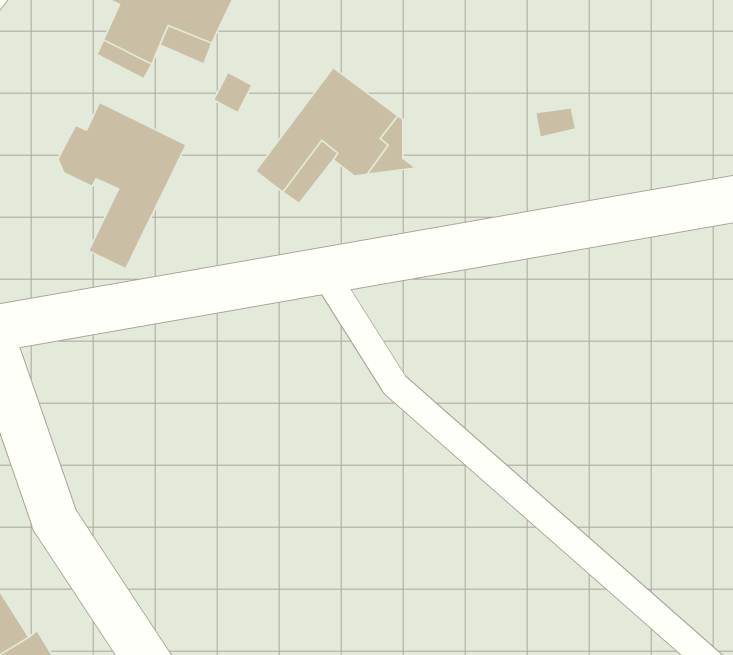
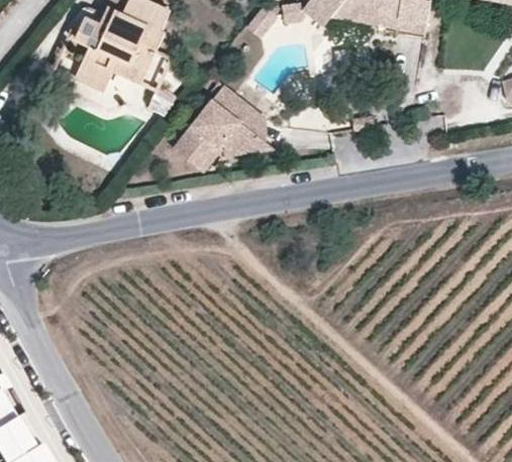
building: [58,102,186,269] -> none

